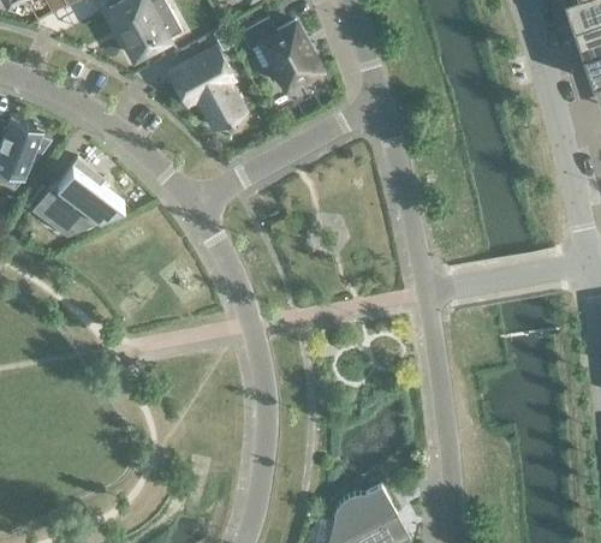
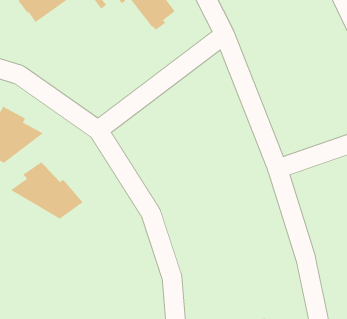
building: [169,48,244,130] -> none
building: none -> [10,160,83,219]

